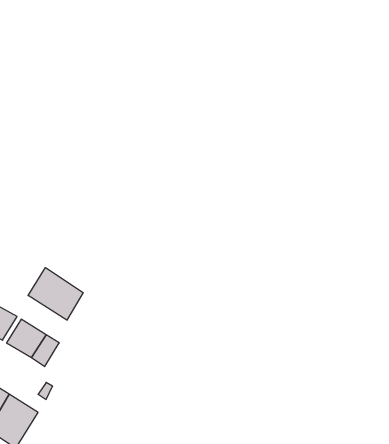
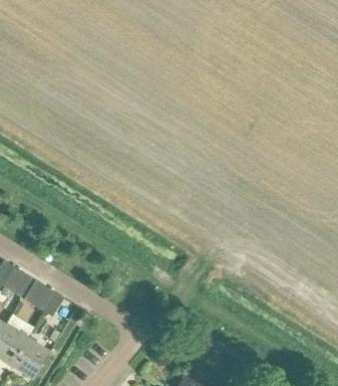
building: [28,268,83,320] -> none

